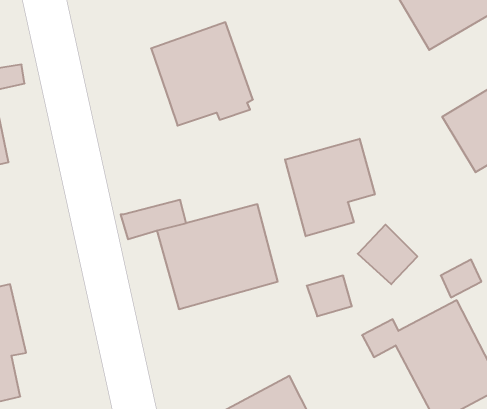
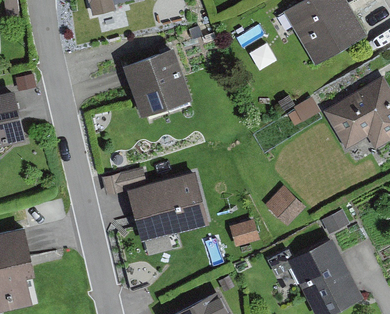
building: [285,139,375,236] -> none

